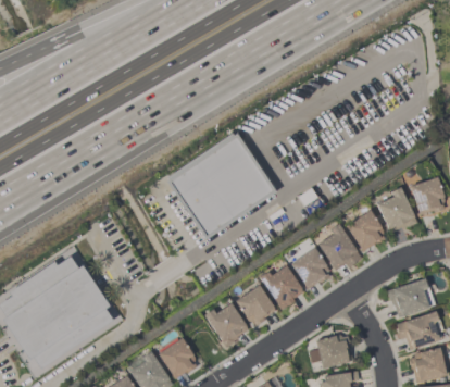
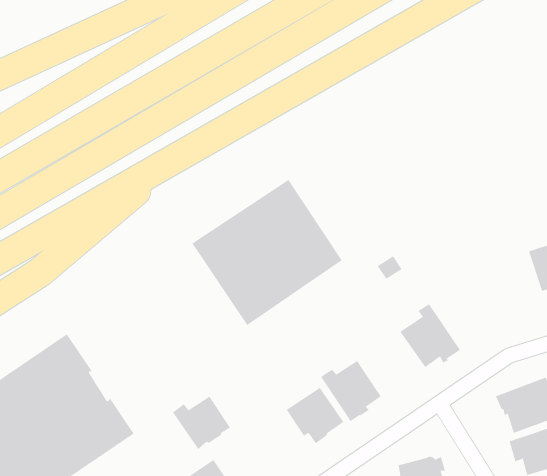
building: [377,187,418,233] -> none
building: [346,210,386,252] -> none
building: [291,248,330,289] -> none
building: [204,303,247,342] -> [172,396,231,450]

